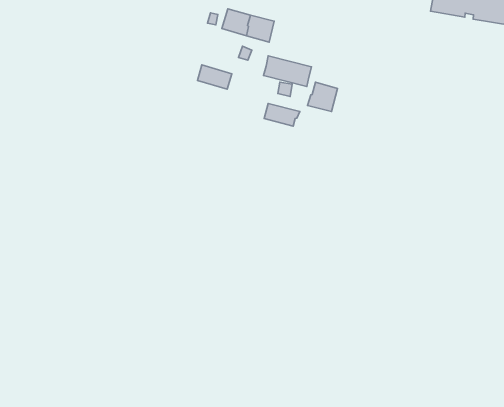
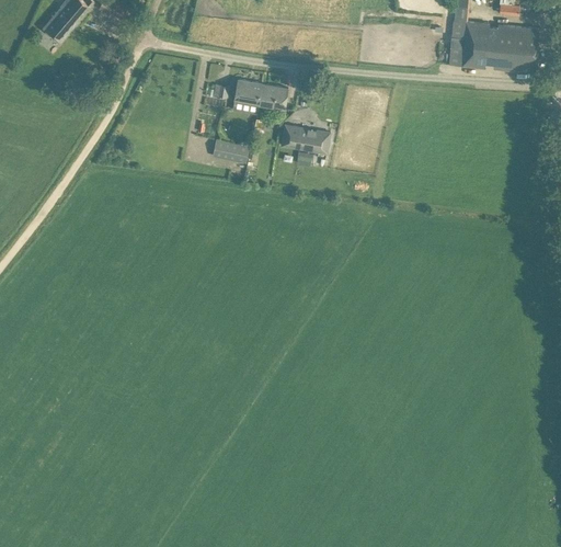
building: [307,82,337,112] -> none
building: [264,104,300,126] -> none

